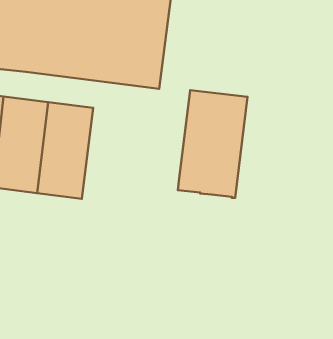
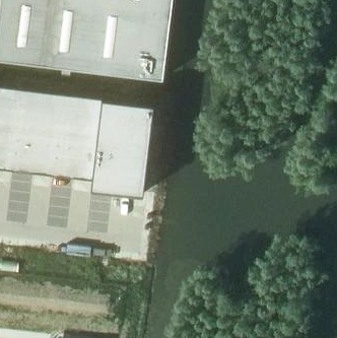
building: [178,90,247,198] -> [90,98,153,196]

